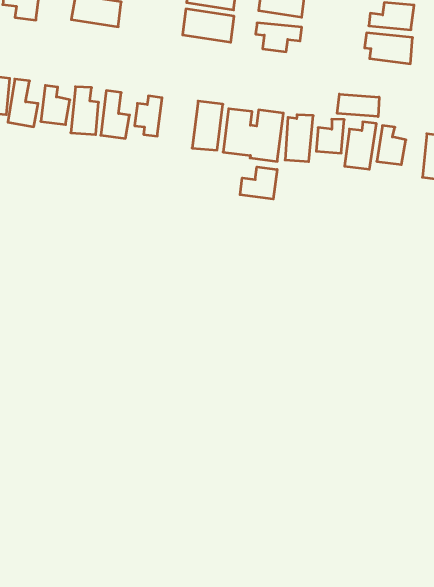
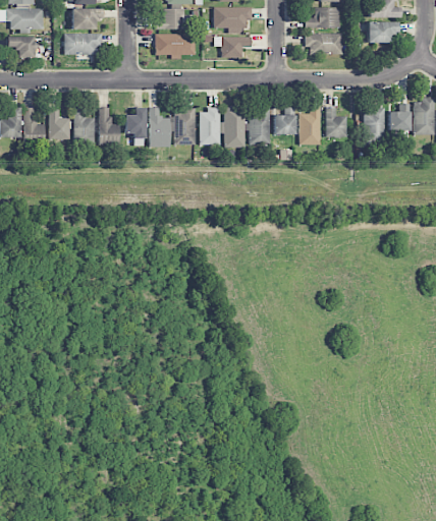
building: [337,94,379,117] -> none
building: none -> [149,107,169,147]
building: [240,167,277,199] -> none

